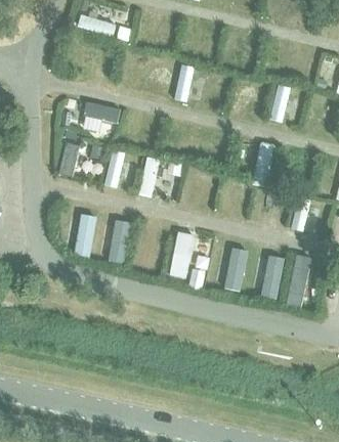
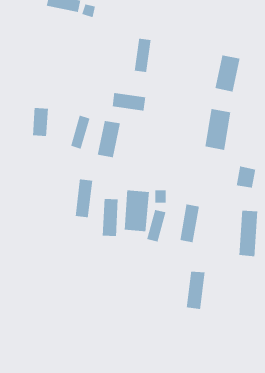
building: [82,101,120,123] -> [112,92,146,112]
building: [76,213,94,256] -> [102,198,119,237]
building: [261,255,283,298] -> [186,271,205,310]

